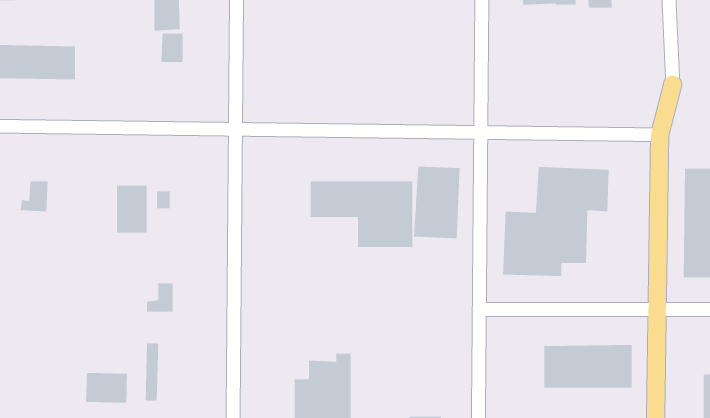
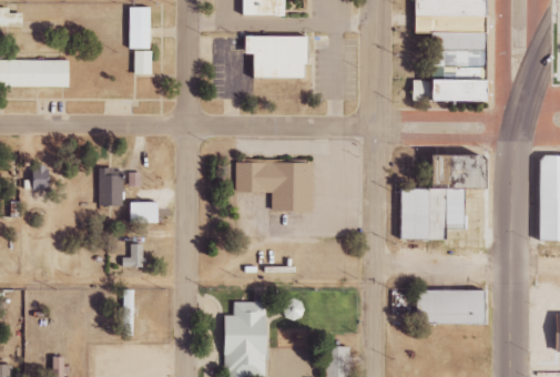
building: none -> [427,32,480,65]
building: none -> [257,37,317,79]
building: none -> [409,78,477,102]
building: [413,166,460,239] -> none
building: none -> [125,201,160,223]
building: [85,372,128,404] -> none

